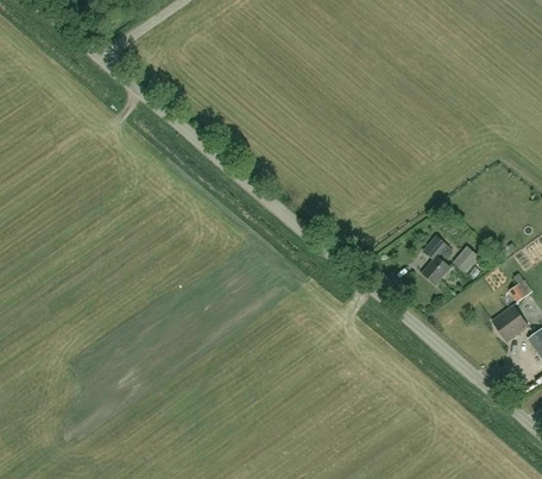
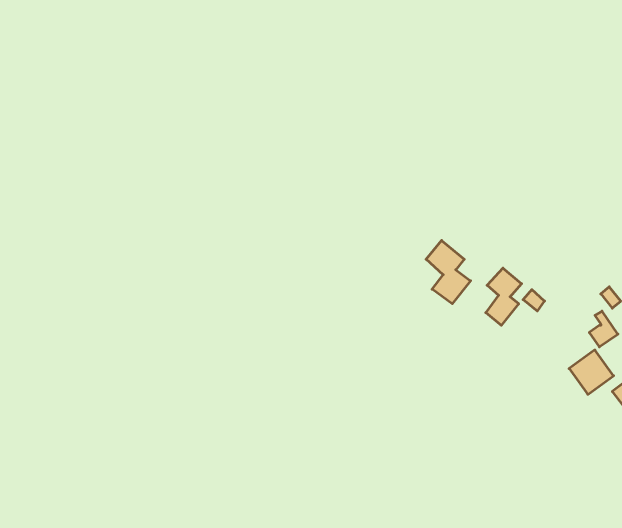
building: none -> [426,240,471,304]

